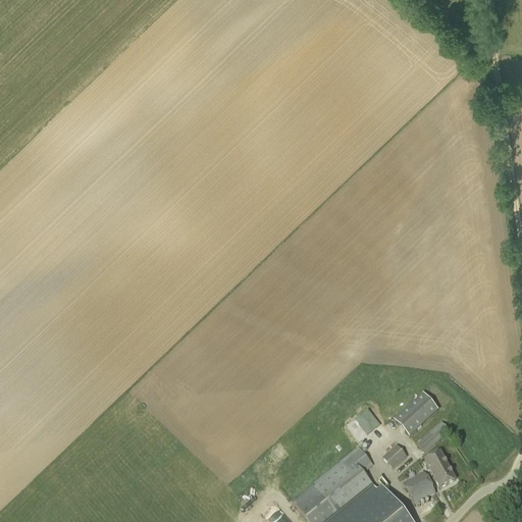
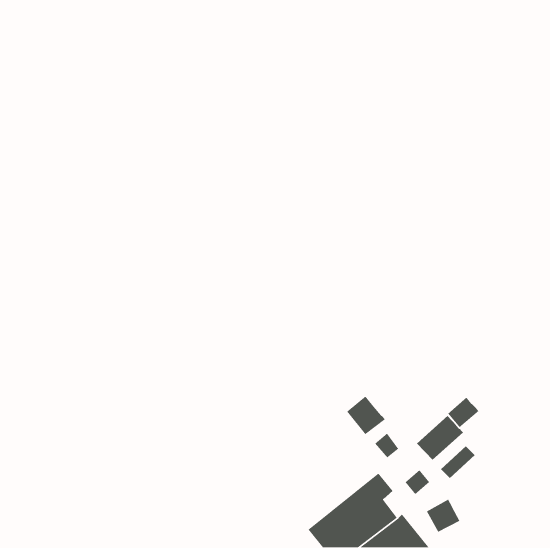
building: none -> [346,395,386,435]
building: none -> [447,396,480,428]
building: [425,451,456,487] -> none

